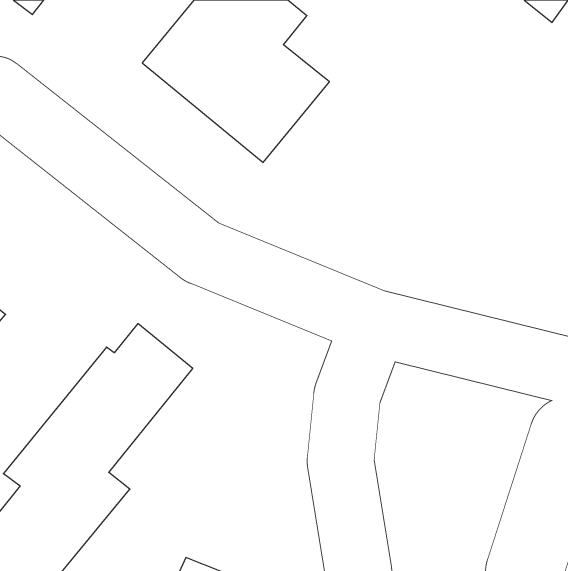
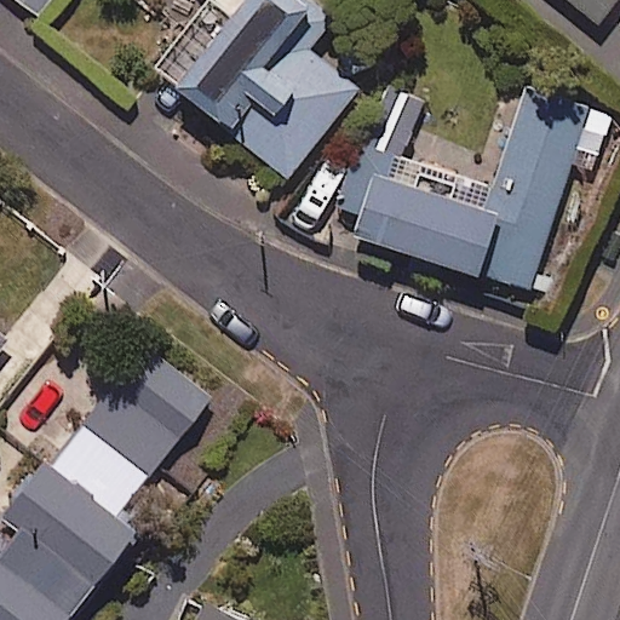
building: none -> [355,90,599,291]

